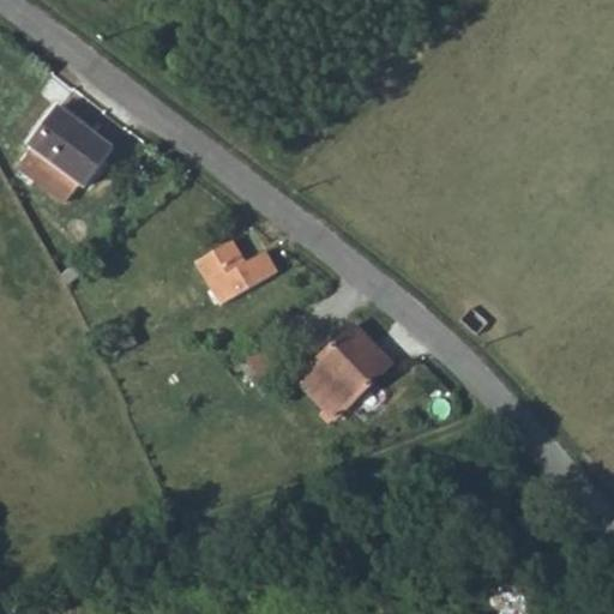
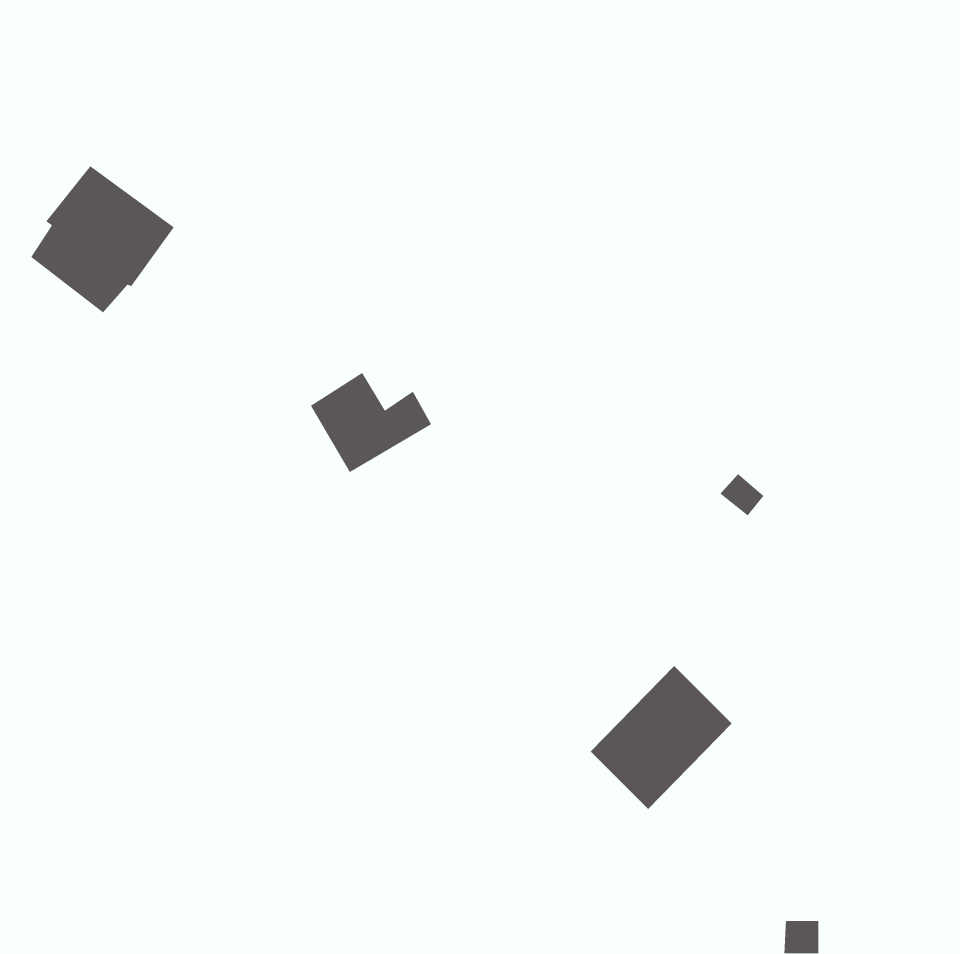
building: [297,327,389,420] -> [590,665,733,810]

